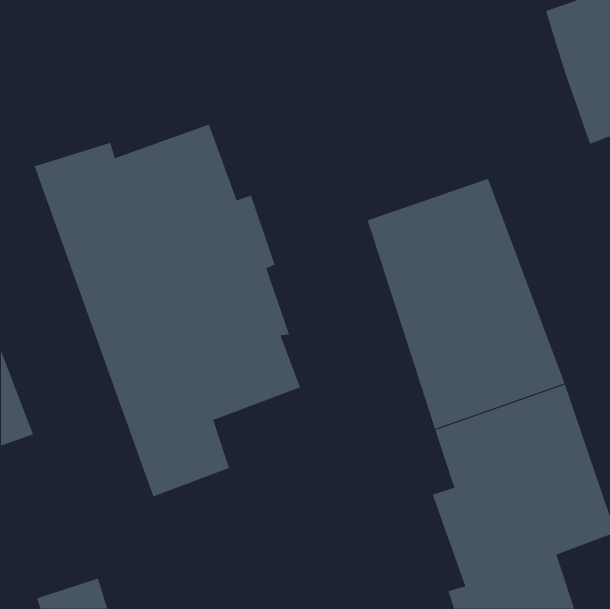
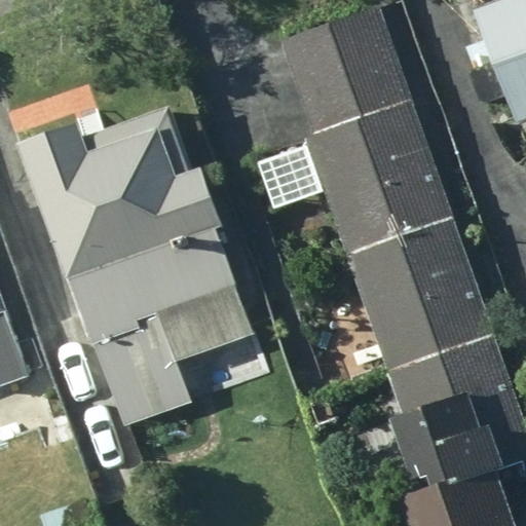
building: none -> [279,5,421,188]

